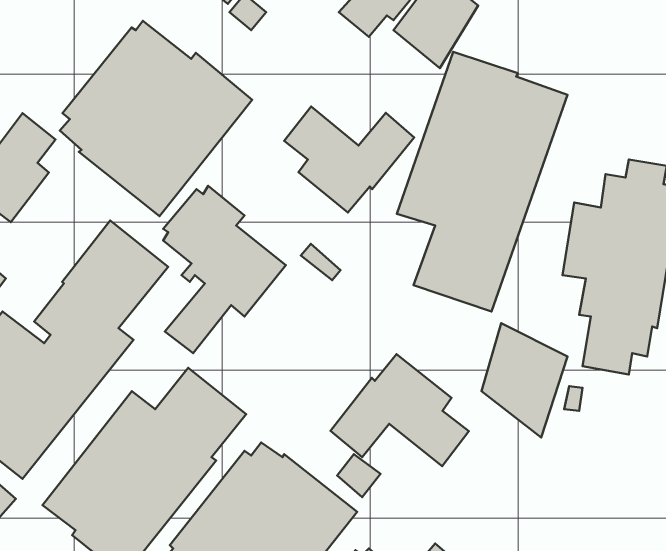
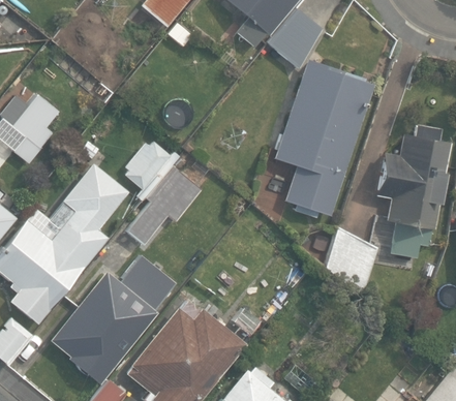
building: [60,21,252,216] -> none
building: [284,106,414,213] -> none
building: [330,354,469,466] -> none

